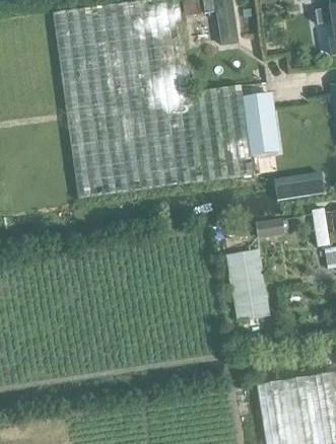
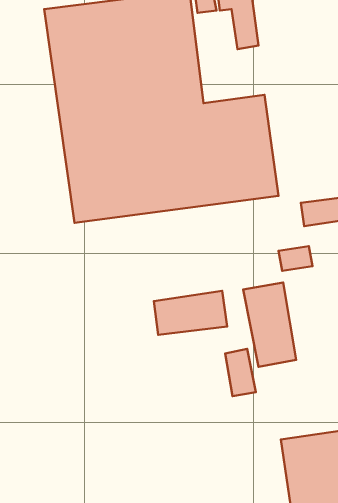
building: [243,82,278,173] -> none
building: none -> [154,291,227,335]
building: none -> [225,349,256,396]

